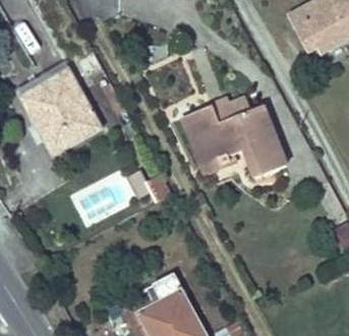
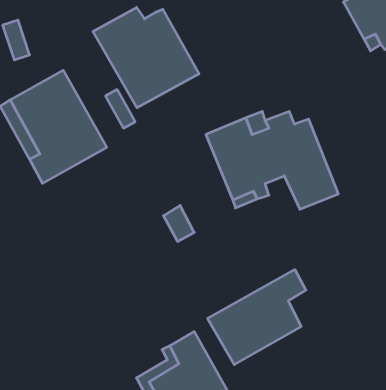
building: none -> [93,7,199,108]
building: none -> [208,270,306,365]

